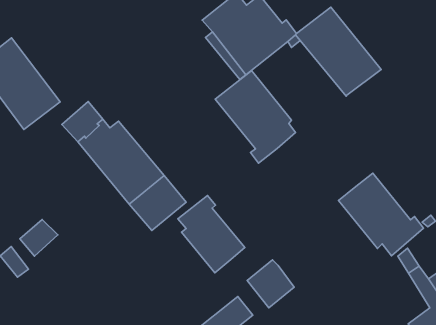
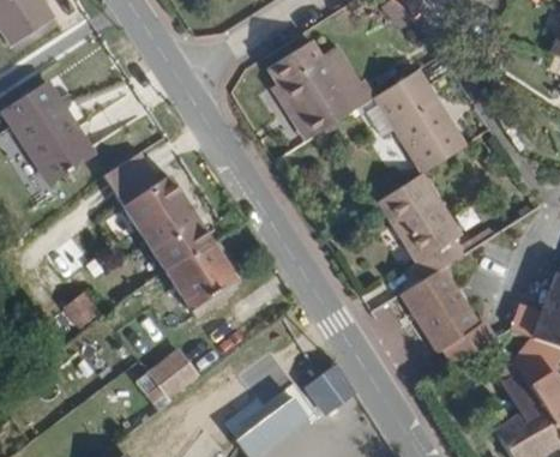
building: [215,70,296,163] -> [385,170,475,278]
building: [178,196,245,273] -> none
building: none -> [138,348,191,398]

